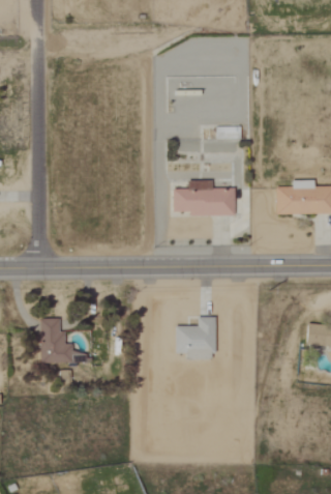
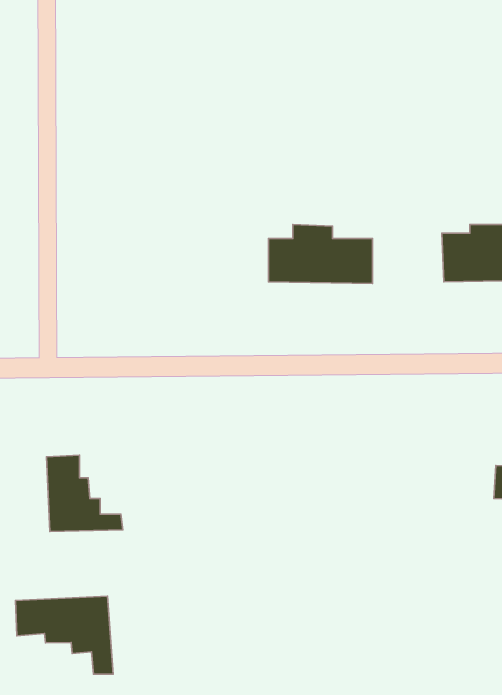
building: [176,317,216,359] -> none
building: none -> [15,596,113,674]

